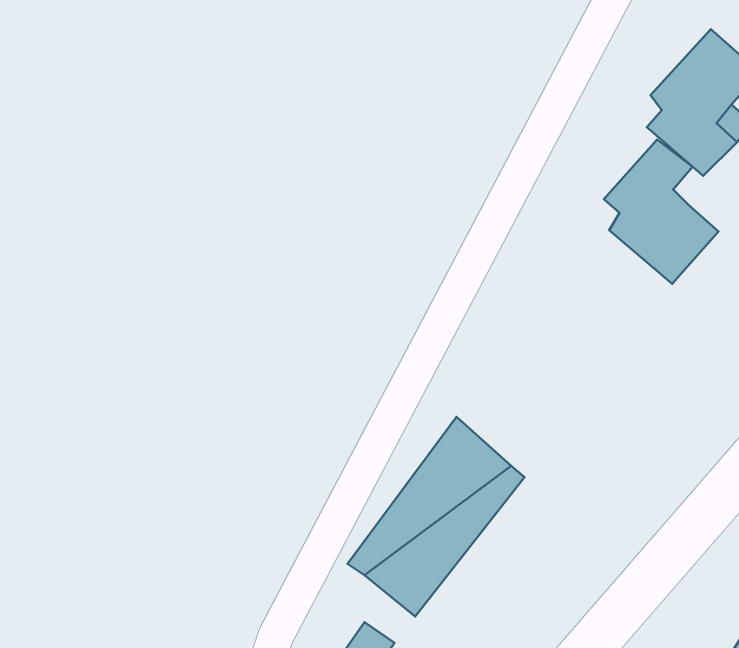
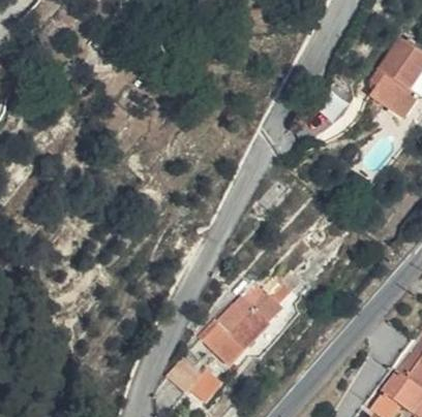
building: [604,140,719,284] -> none

